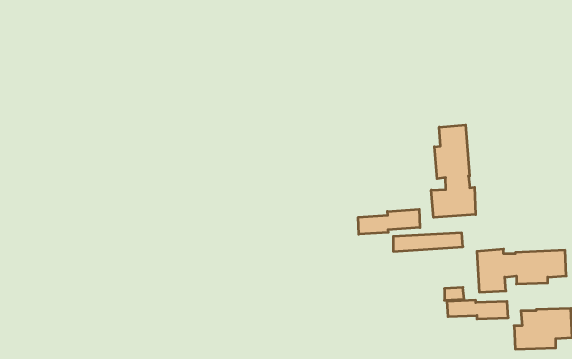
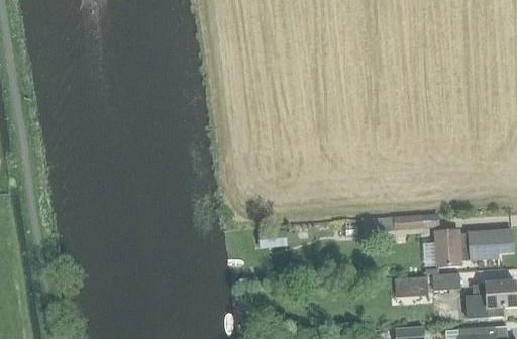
building: [431,125,476,217] -> none
building: [358,209,420,234] -> none

